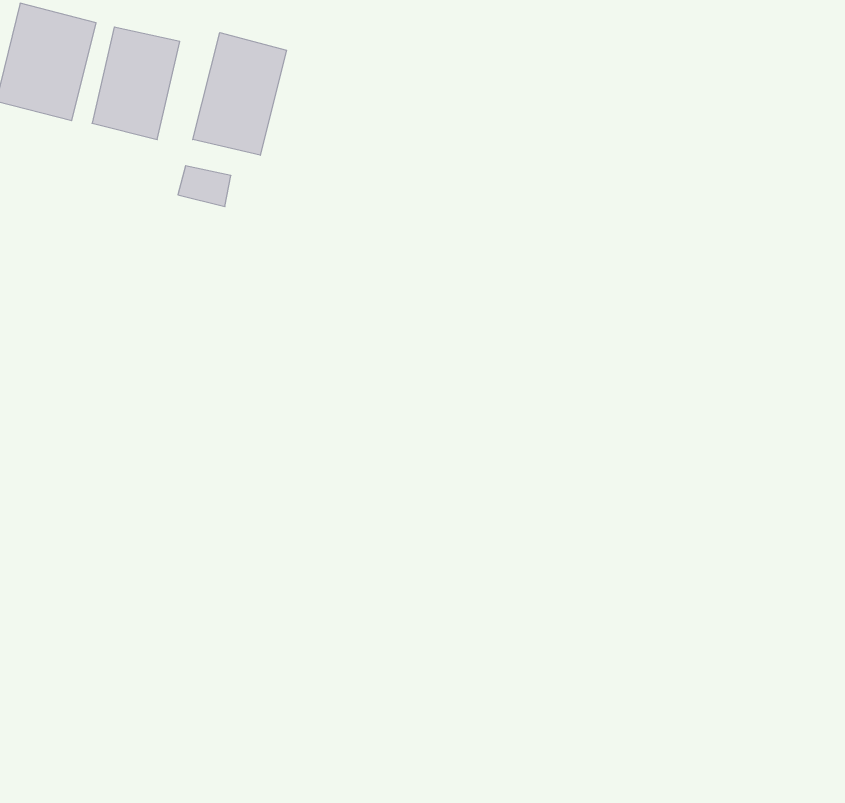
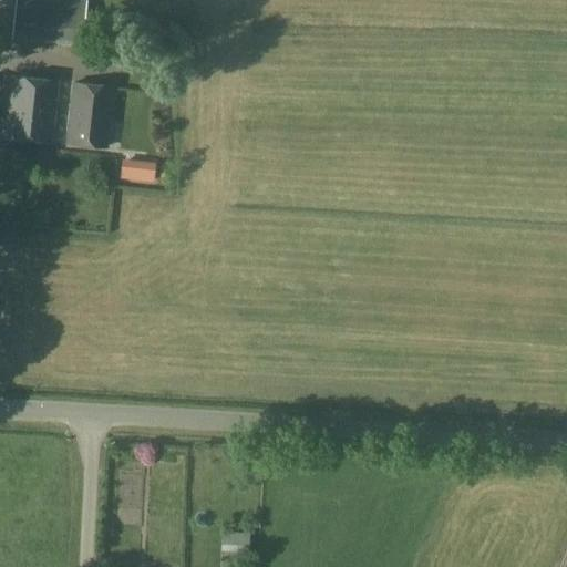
building: [193,33,287,155] -> none

